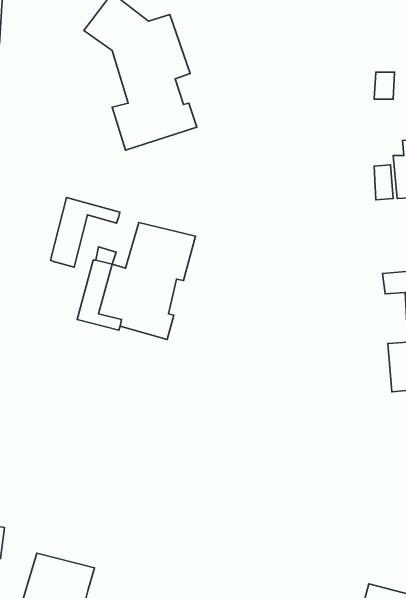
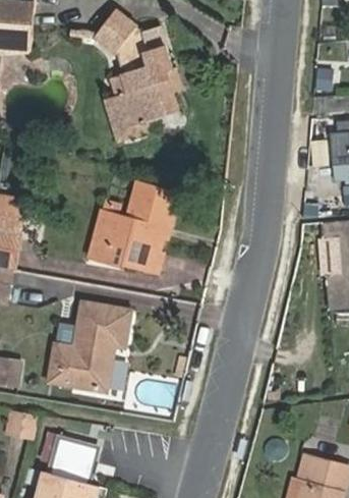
building: [51,198,120,267] -> none
building: none -> [48,301,130,391]

